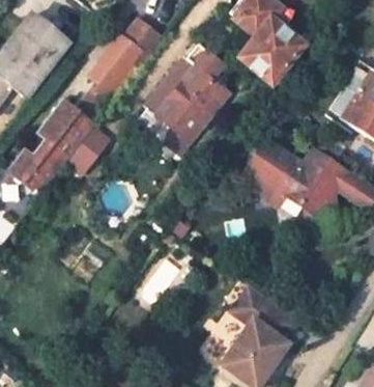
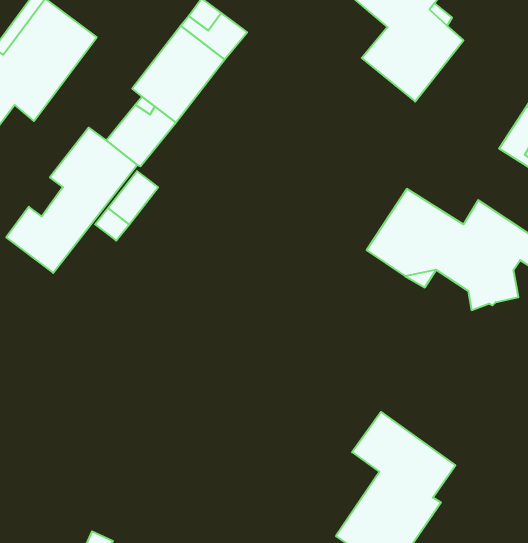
building: [137,43,230,154] -> none

